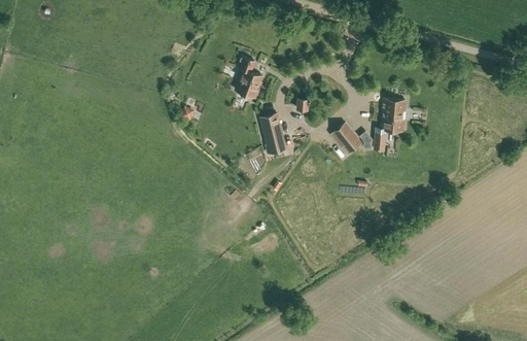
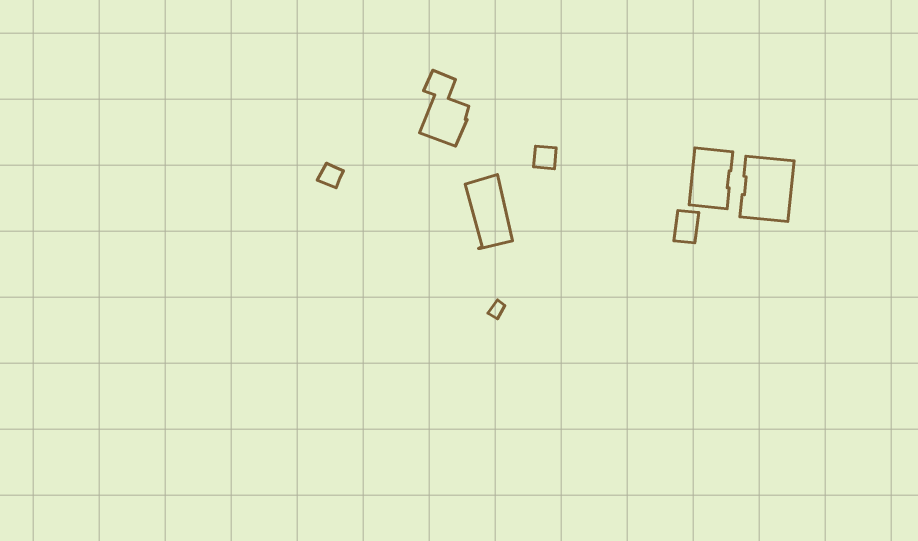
building: none -> [740,156,794,221]
building: [331,124,361,152] -> none

